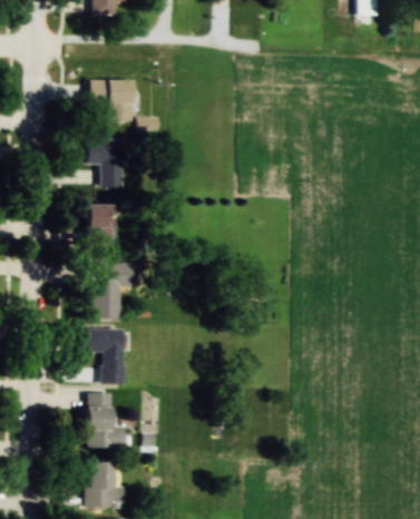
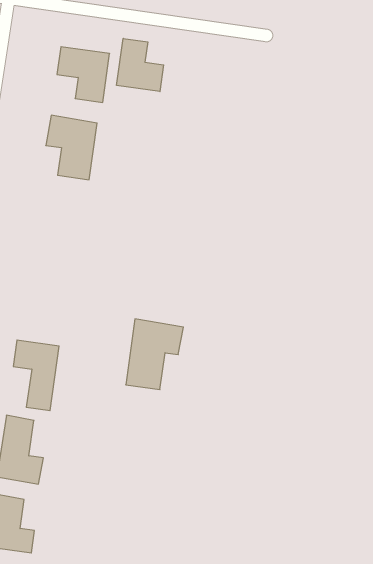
building: none -> [117,38,164,92]
building: [88,205,113,249] -> none
building: [92,263,134,319] -> [126,319,183,390]

